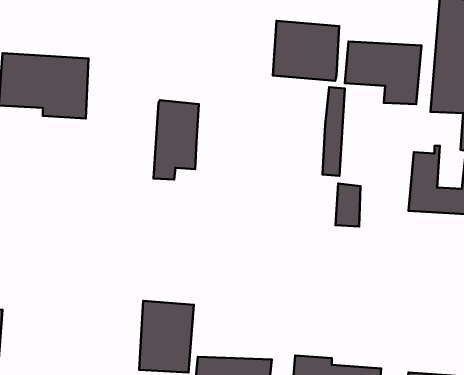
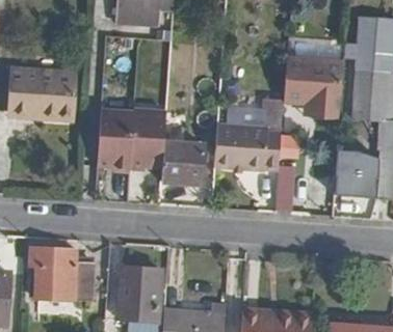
building: [273,21,339,81] -> [214,121,267,169]
building: none -> [98,106,134,171]
building: none -> [161,139,206,183]
building: none -> [26,246,90,301]

